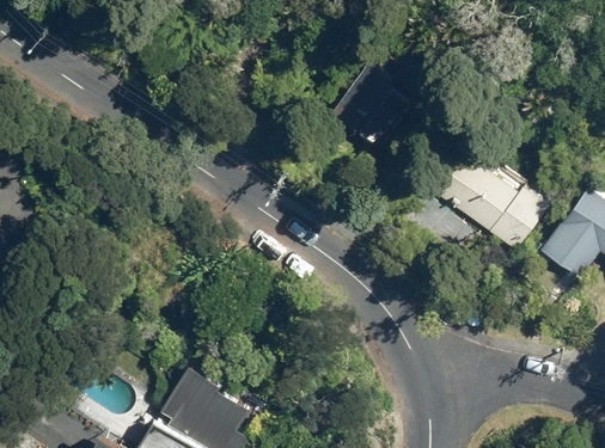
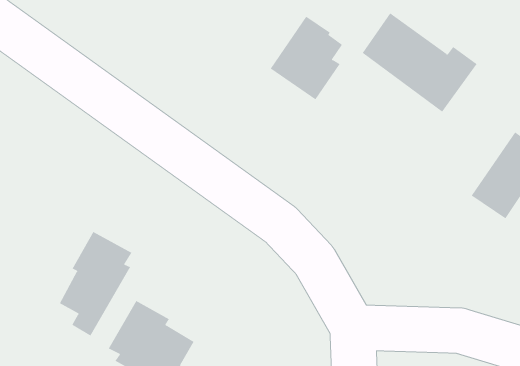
building: [428,147,551,253] -> [362,12,477,112]
building: none -> [59,231,132,337]

